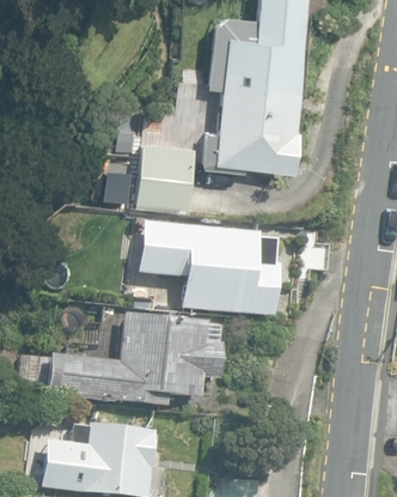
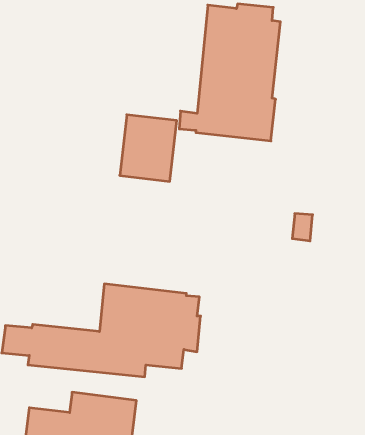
building: [167,220,279,315] -> none

